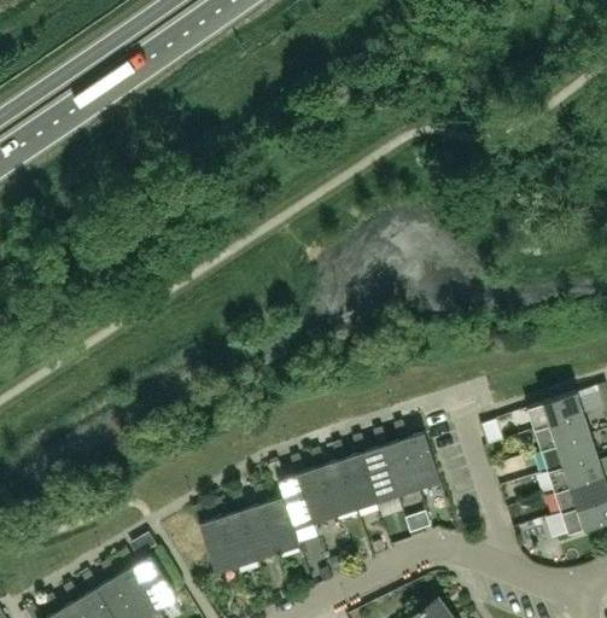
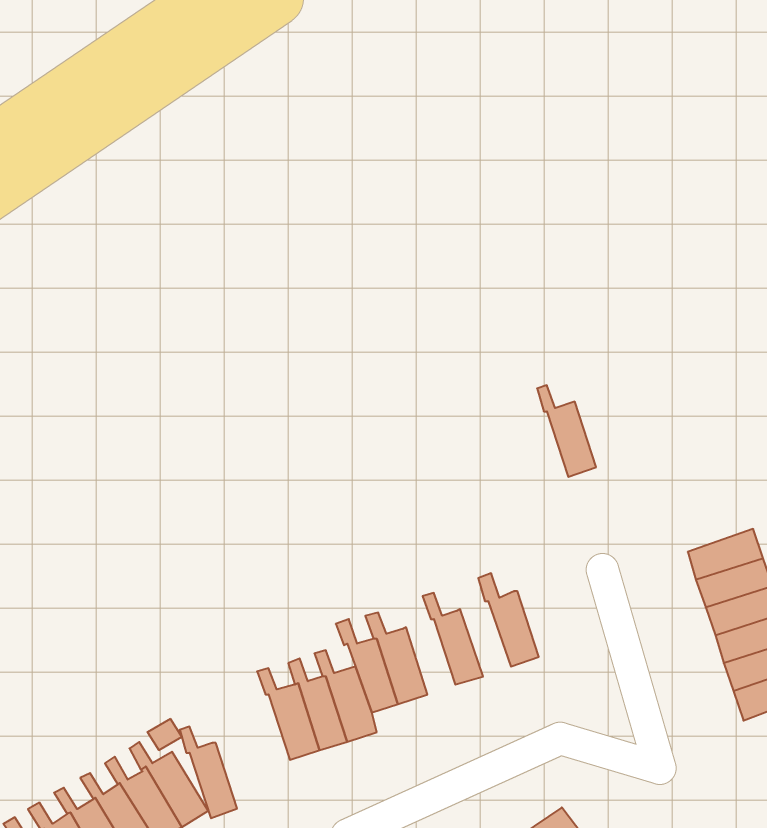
building: [396,422,439,490] -> [537,385,596,477]
building: [354,436,398,505] -> none
building: [313,450,357,518] -> none
building: [193,506,235,573] -> [180,727,237,818]

